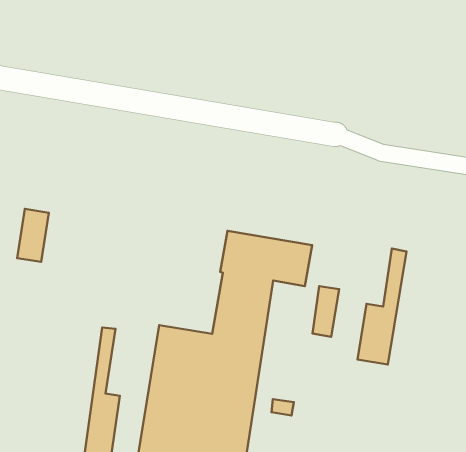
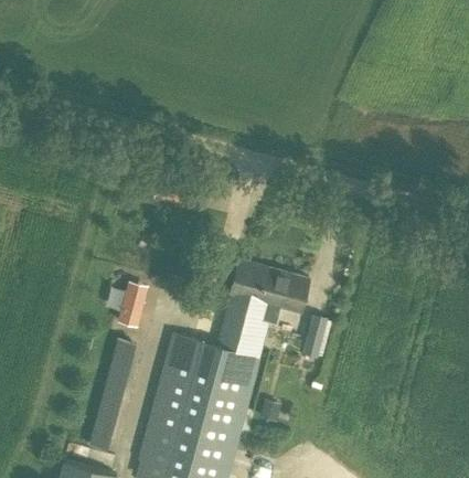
building: [17,209,49,262] -> [117,284,148,330]
building: [358,248,407,364] -> none

